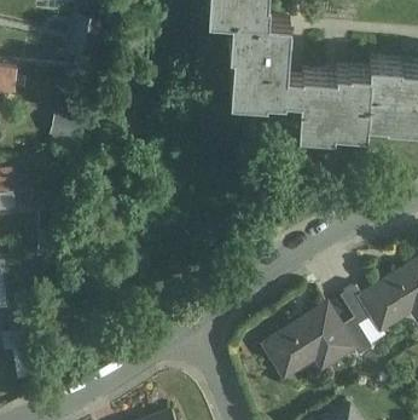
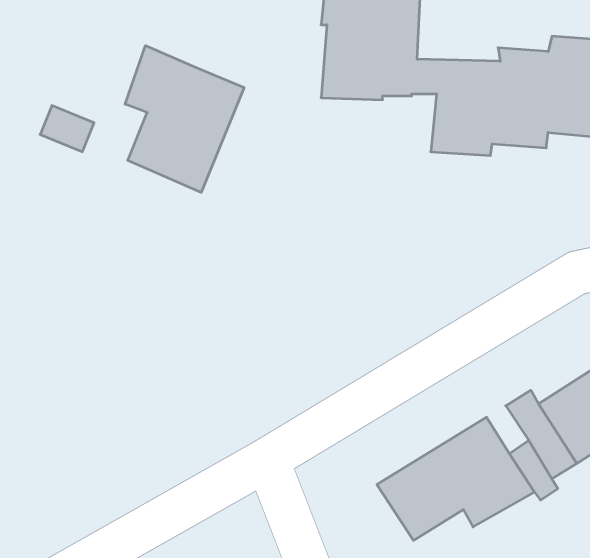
building: none -> [125,46,244,192]

